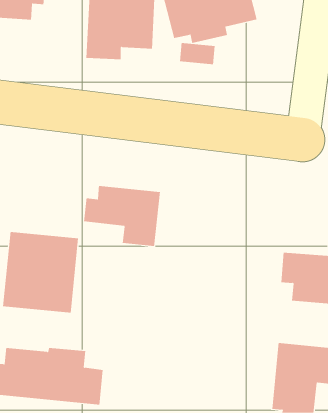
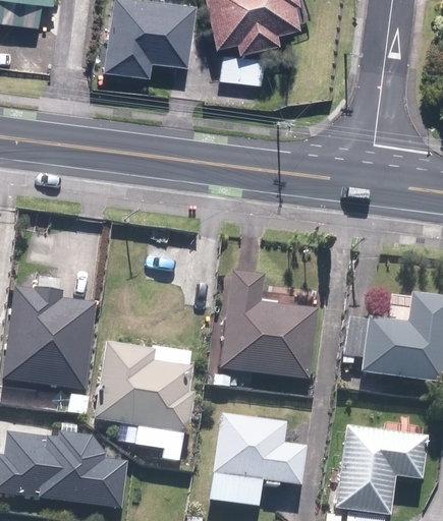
building: [83,185,160,247] -> none
building: none -> [221,272,315,374]
building: none -> [98,343,192,457]
building: none -> [211,412,302,503]

